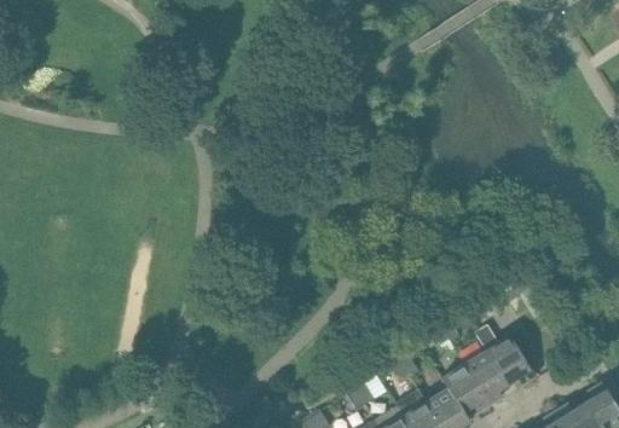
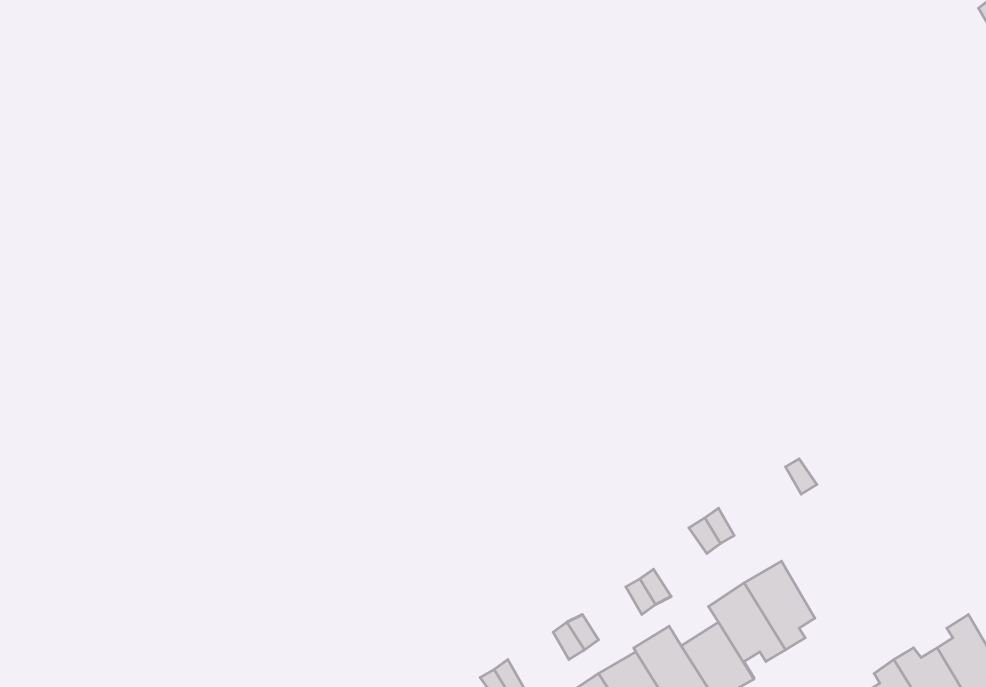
building: [475,324,536,384] -> none

